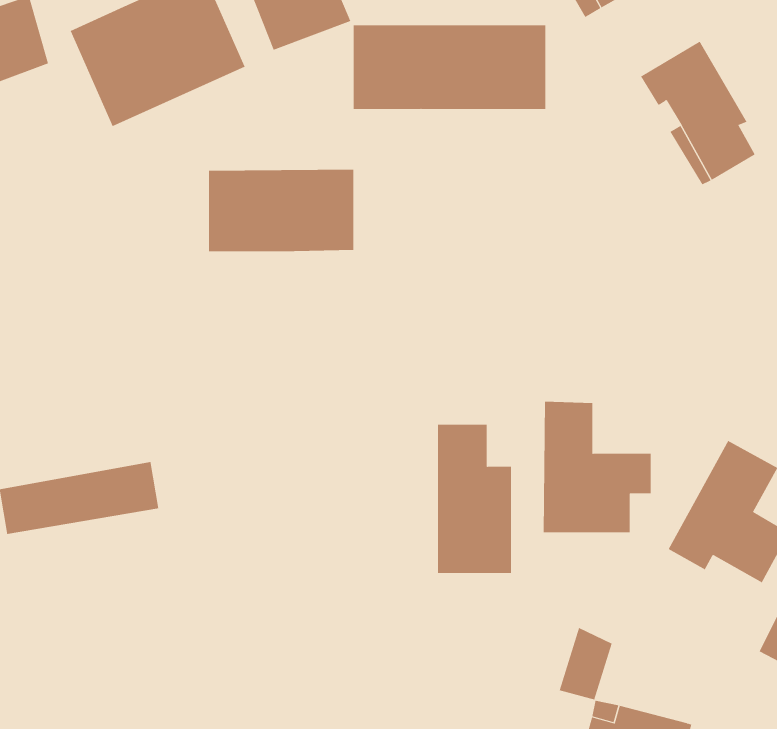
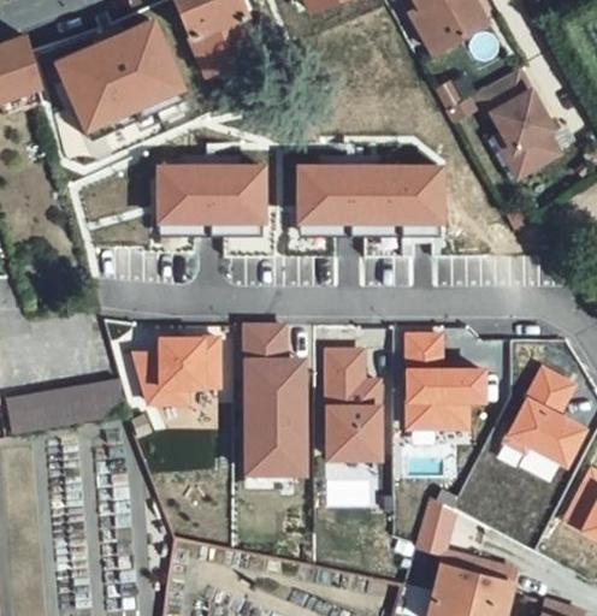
building: [353,25,546,109] -> [298,161,442,224]
building: none -> [243,324,307,480]
building: none -> [131,337,223,408]

